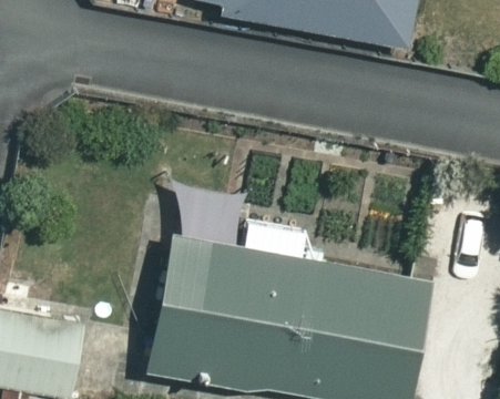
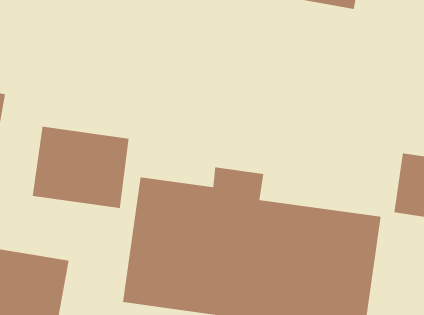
building: none -> [32,126,129,209]

